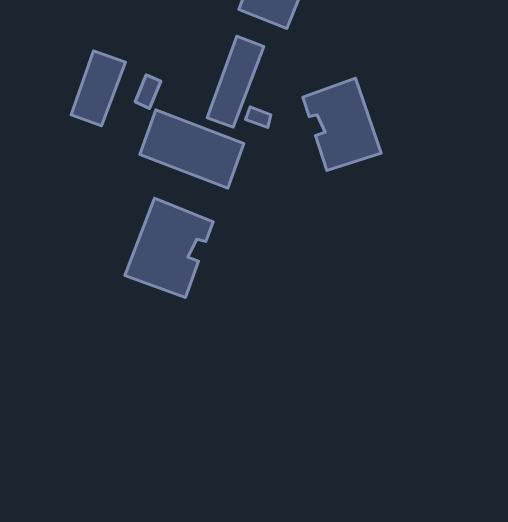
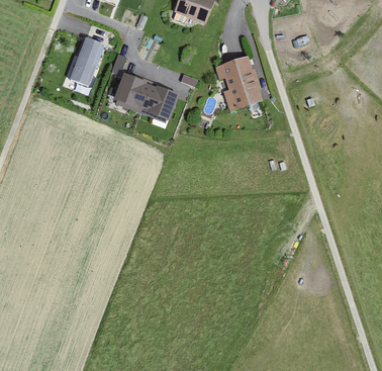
building: [207,36,264,127] -> none
building: [125,198,213,298] -> none

